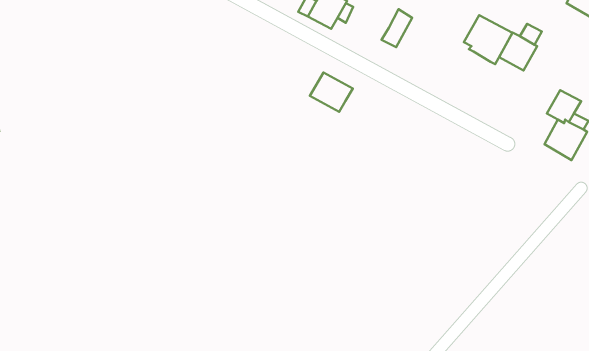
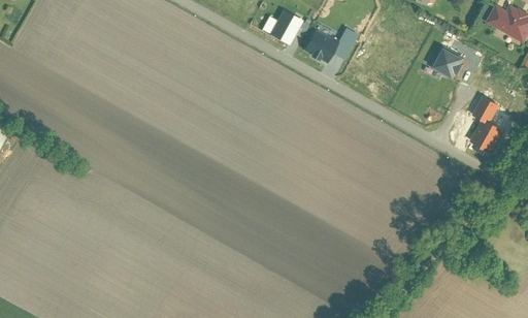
building: [464,15,512,64] -> none
building: [310,73,353,112] -> [301,28,337,61]

